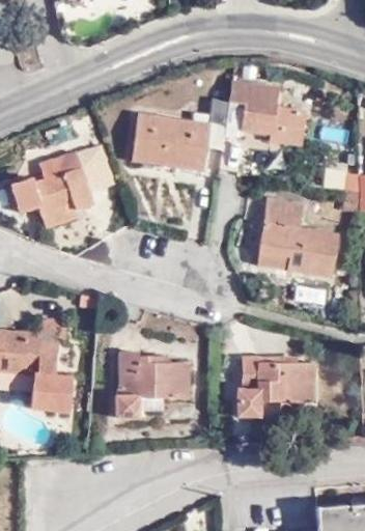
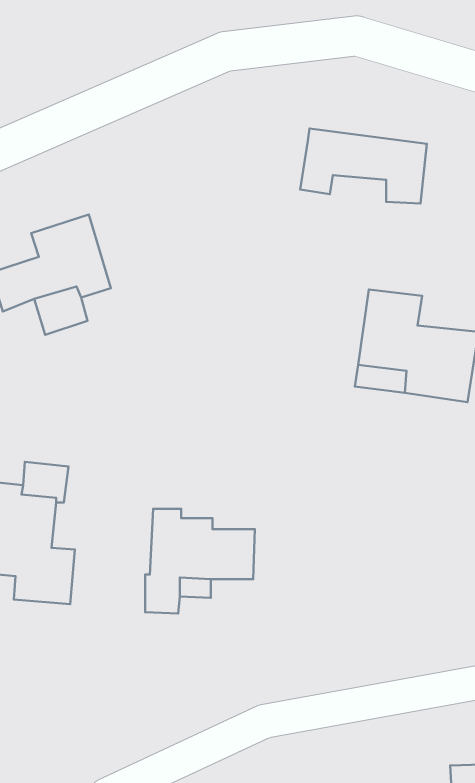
building: [129,102,224,172] -> none
building: [236,355,312,418] -> none

